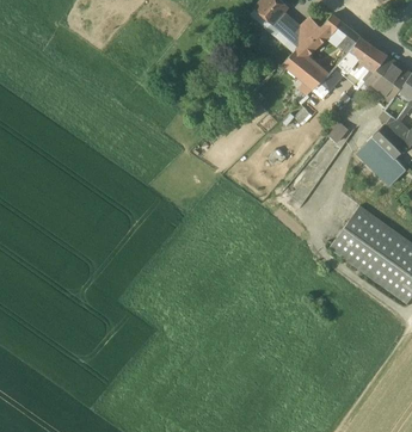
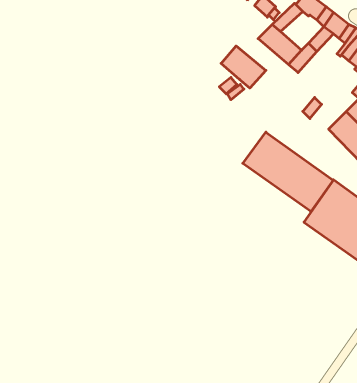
building: none -> [221,46,266,88]
building: none -> [243,132,333,212]

